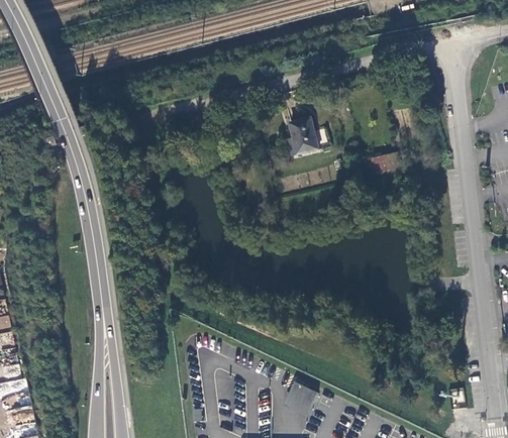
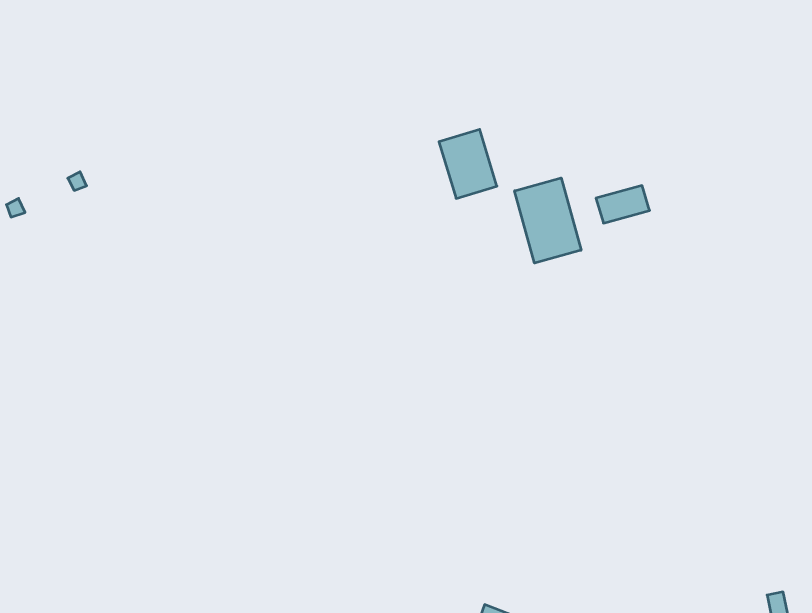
building: none -> [515,178,581,263]

